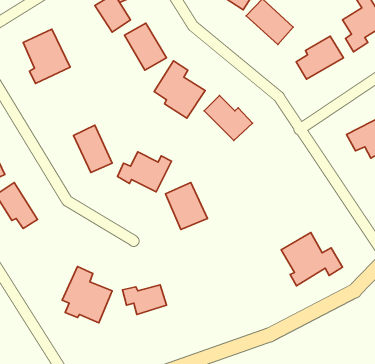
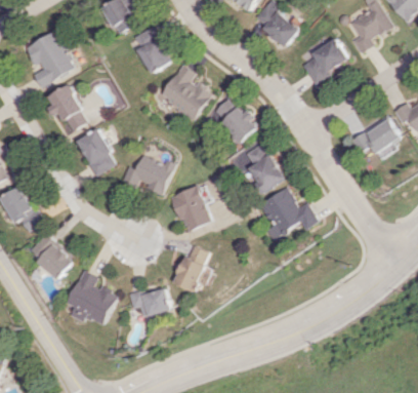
building: none -> [48,85,89,133]
building: none -> [240,143,283,193]
building: none -> [28,235,75,279]
building: [281,233,342,286] -> [256,187,318,240]
building: none -> [174,244,212,291]

